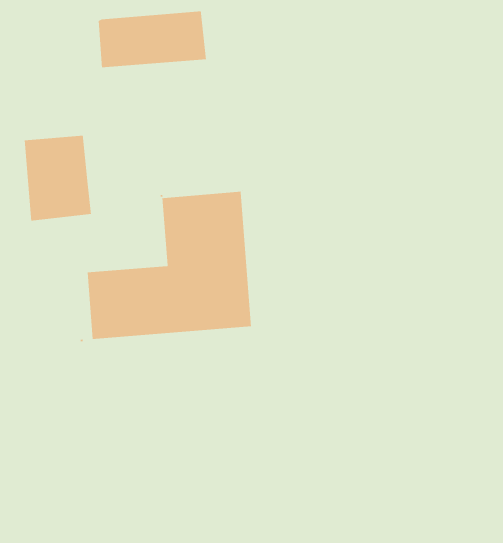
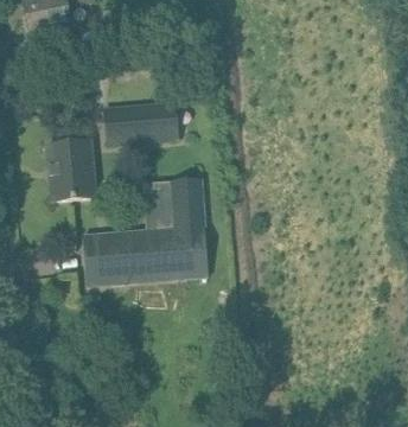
building: [98,10,207,68] -> [103,102,179,142]

